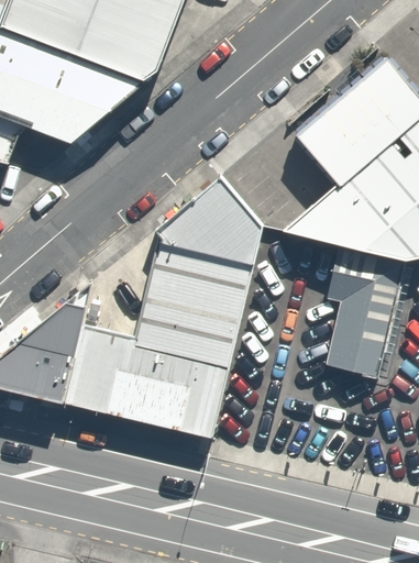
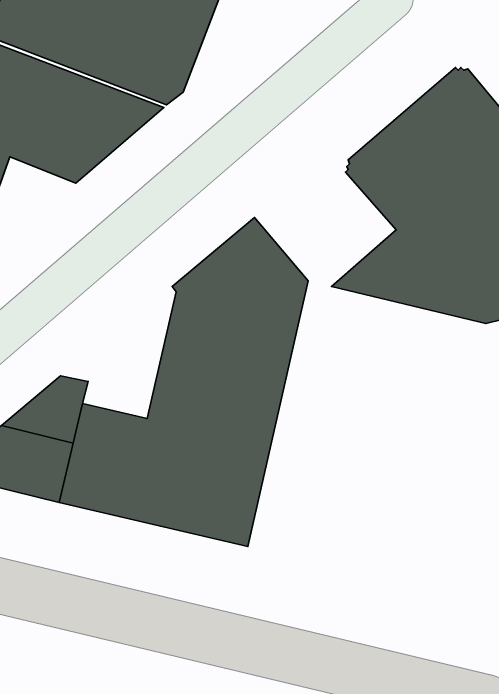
building: [326,253,404,377] -> none

